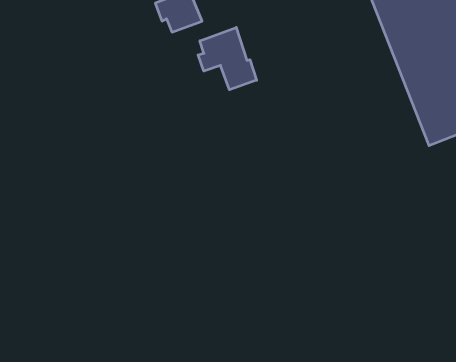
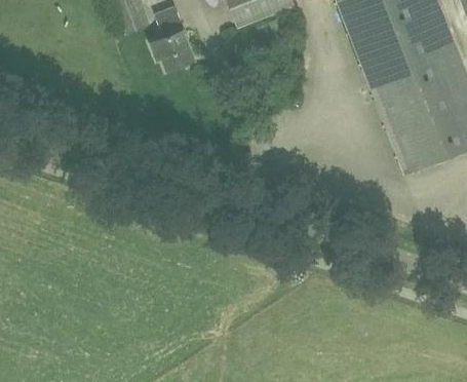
building: [198,27,257,90] -> none

